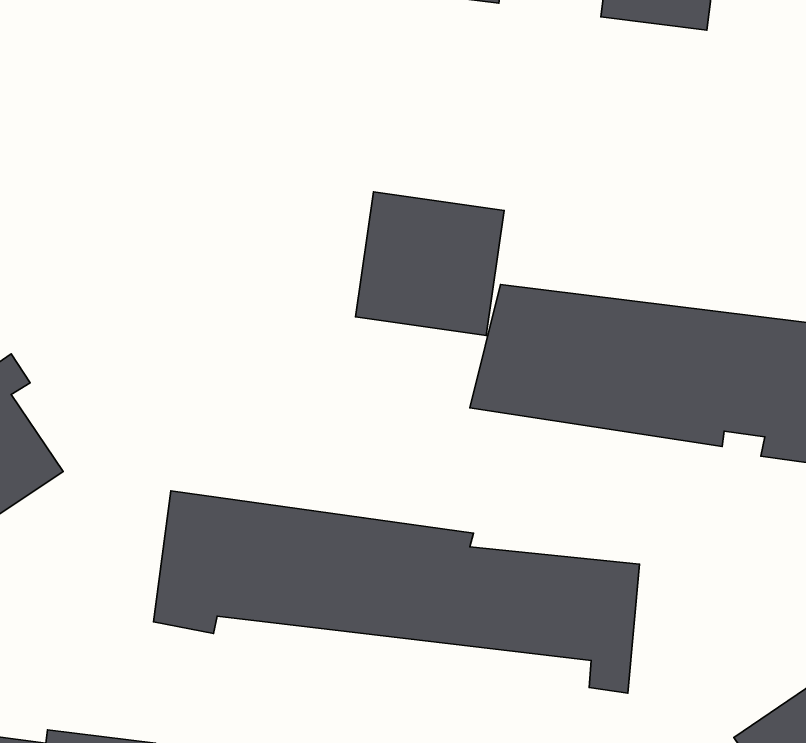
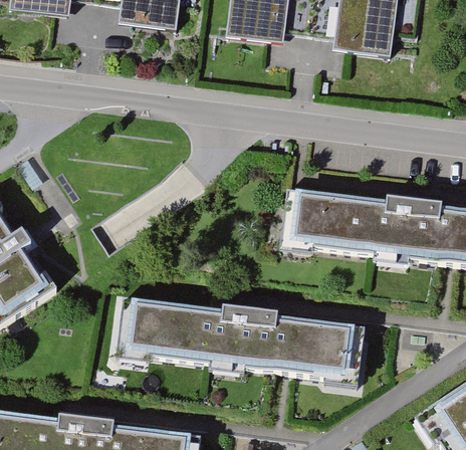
building: [356,192,504,336] -> none

